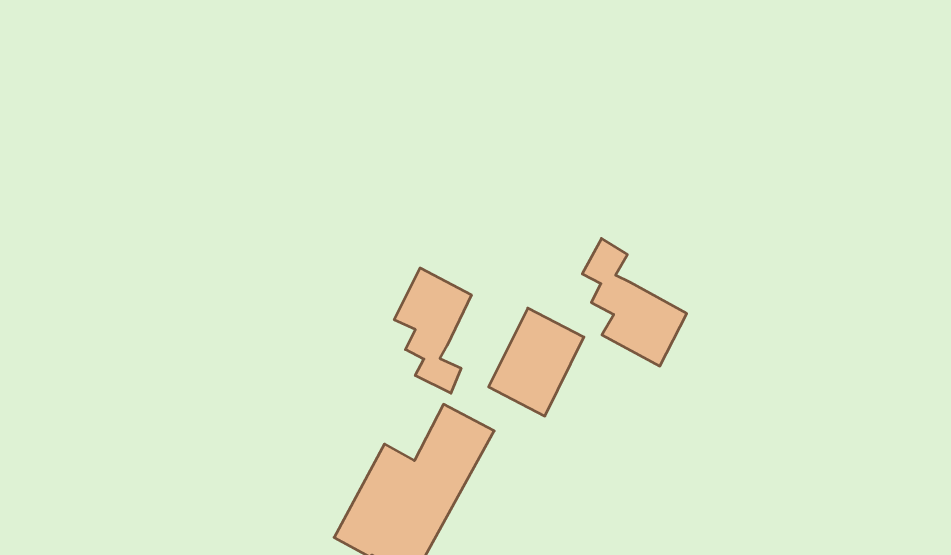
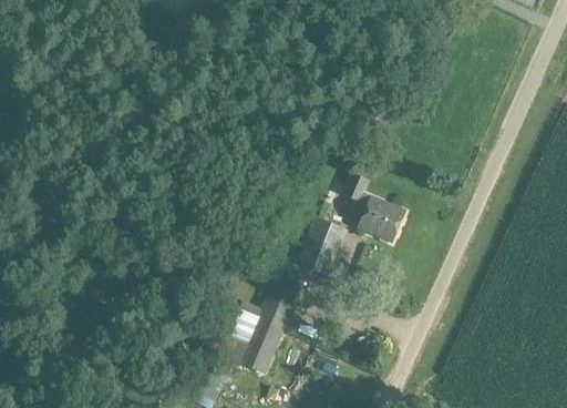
building: [394,268,471,393] -> none

